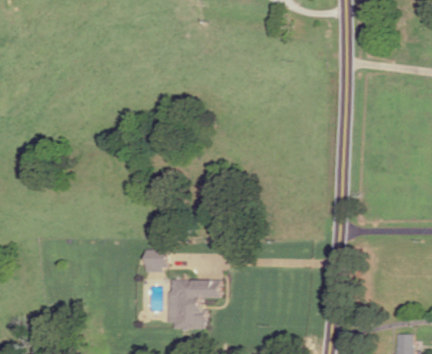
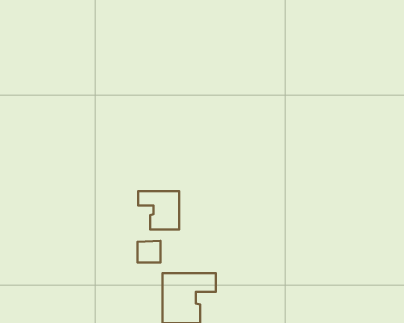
building: none -> [138,191,179,229]

